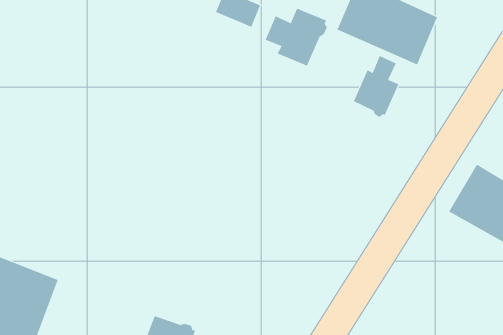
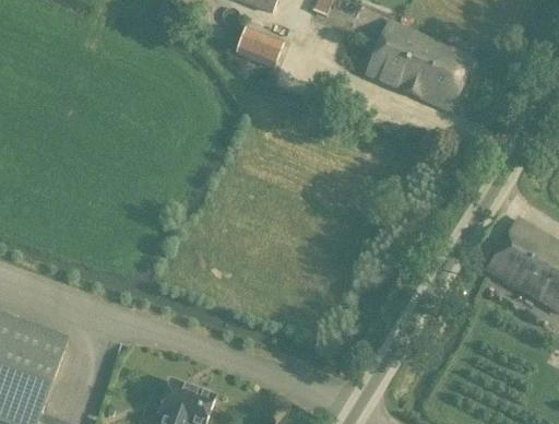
building: [265,8,328,66] -> none
building: [353,55,399,118] -> none

